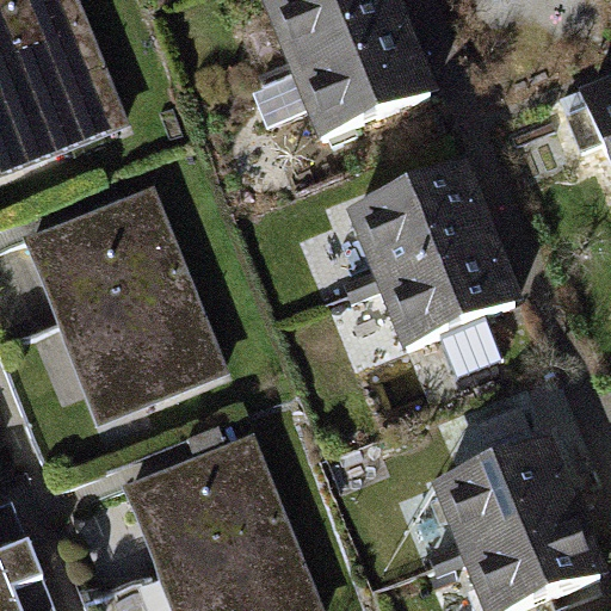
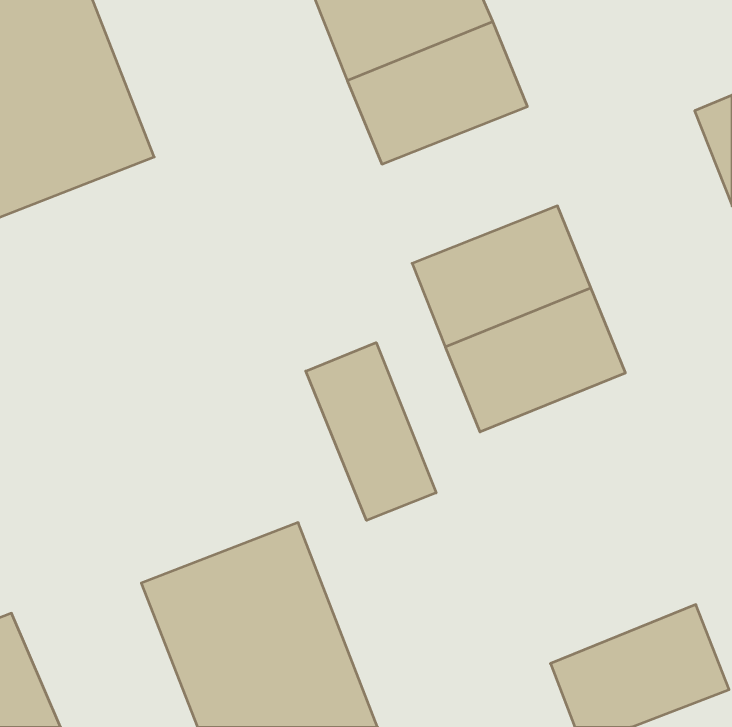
building: [27,186,232,427] -> none
building: none -> [306,343,436,520]
building: [428,432,576,550] -> none

